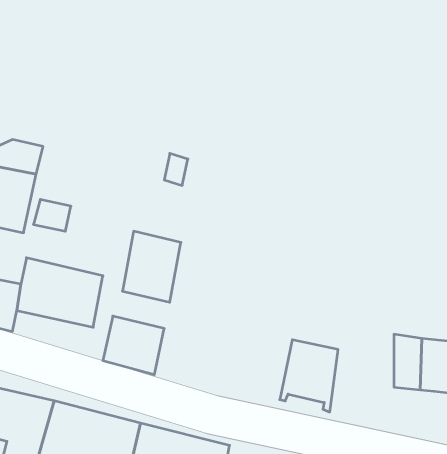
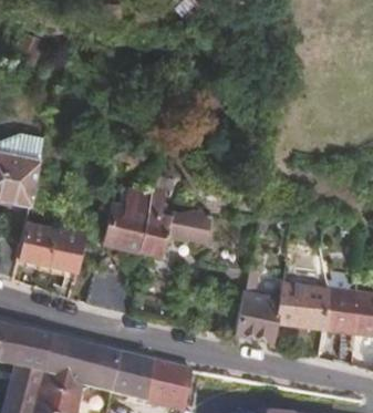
building: none -> [143,192,216,260]
building: none -> [270,276,321,345]

